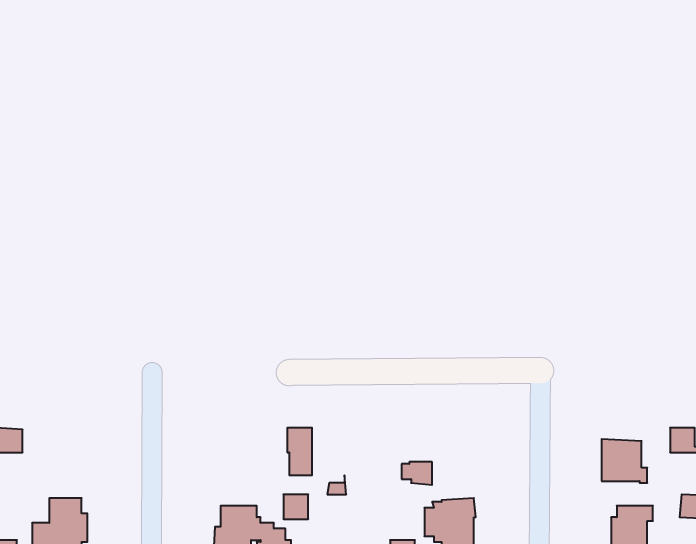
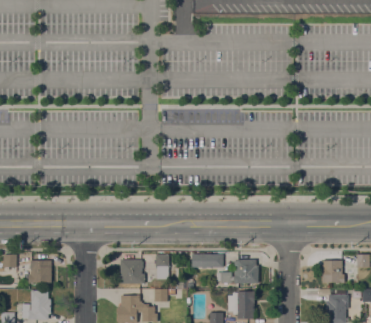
building: none -> [192,254,223,268]
building: none -> [120,260,143,284]
building: none -> [234,260,258,283]
building: none -> [29,261,52,282]

